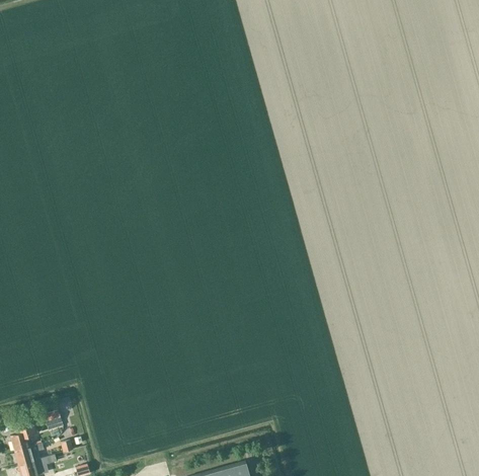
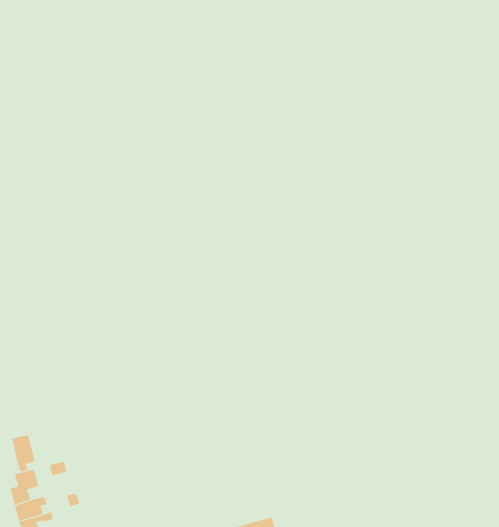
building: none -> [12,434,35,472]

